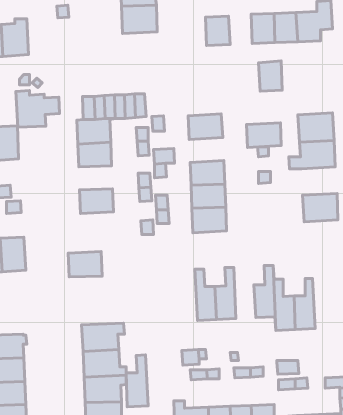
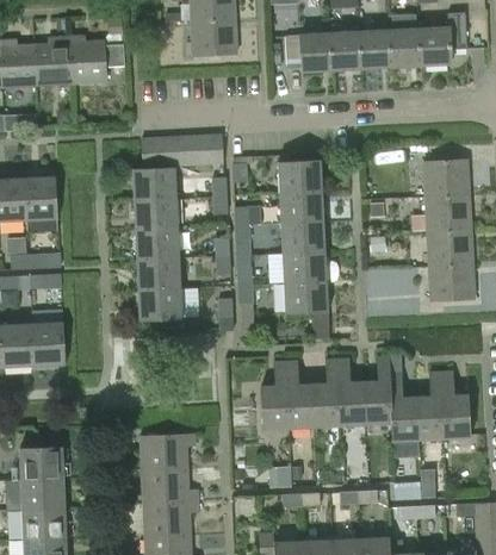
building: [258,61,282,91] -> [330,30,361,69]
building: [16,91,60,127] -> [67,35,124,82]
building: [247,123,281,147] -> [279,191,324,223]
building: none -> [135,227,179,258]
building: none -> [426,229,472,266]
building: [68,251,102,277] -> [137,287,181,320]
building: none -> [337,358,366,426]
building: none -> [440,373,470,439]
building: [126,355,148,407] -> [261,362,290,430]

